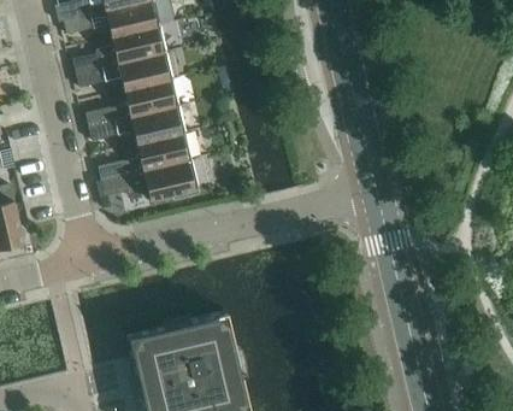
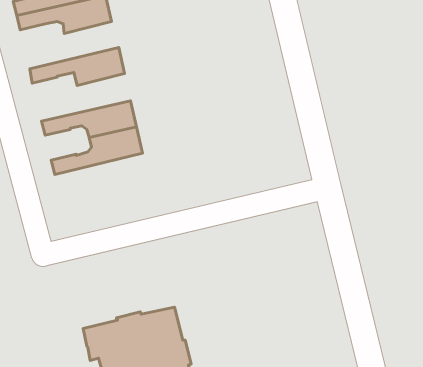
building: [73,27,167,75] -> none
building: [86,80,179,128] -> none
building: [98,160,200,201] -> none

